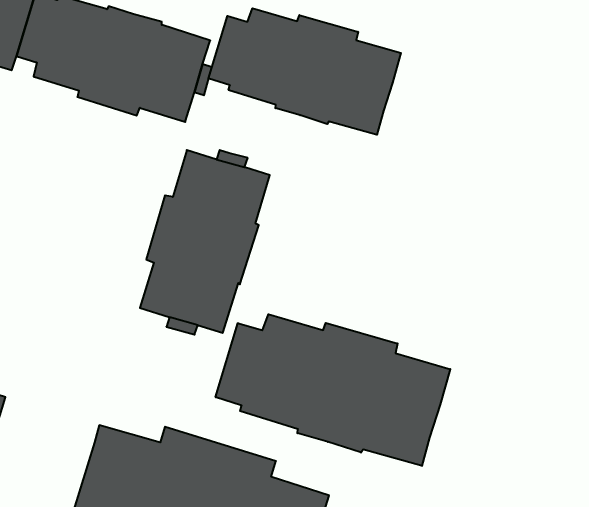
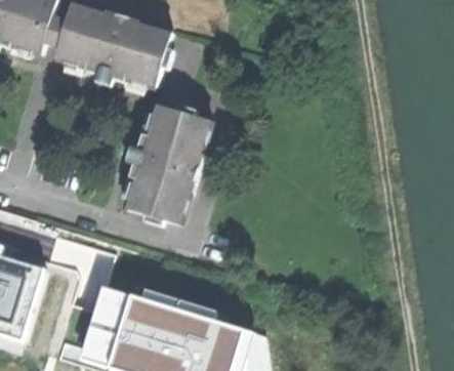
building: [209,8,401,135] -> none
building: [216,314,450,466] -> none

